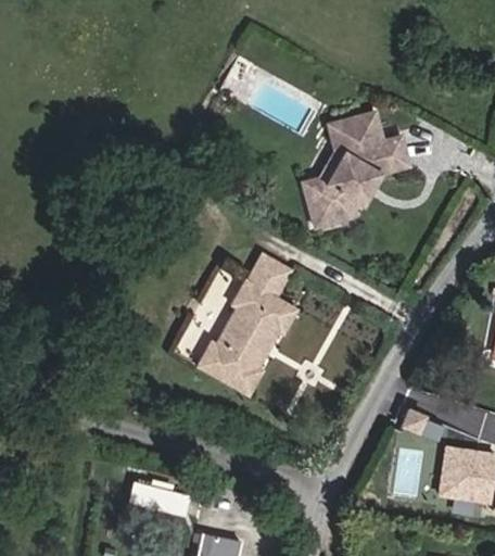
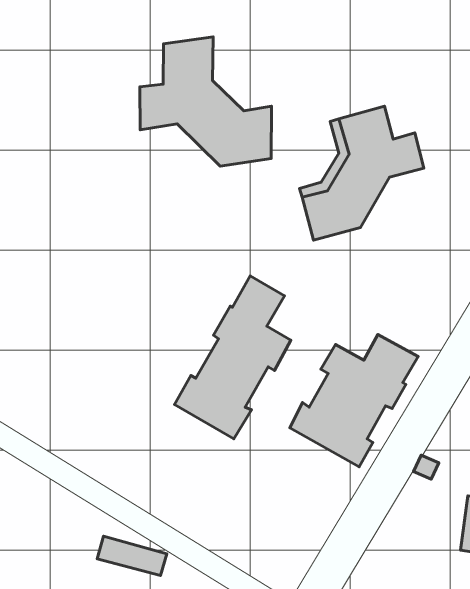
building: none -> [140,37,271,166]
building: none -> [290,334,418,467]

